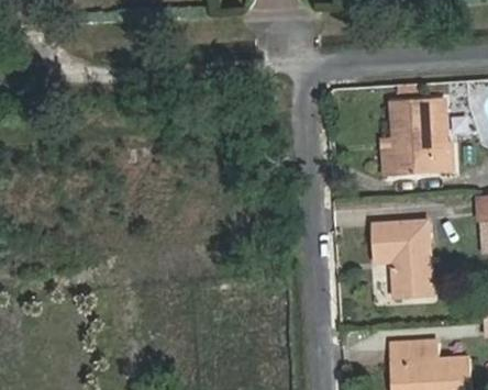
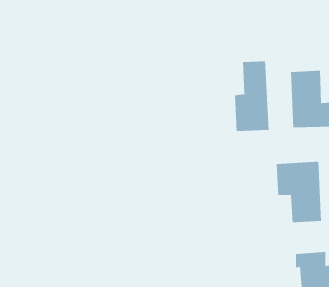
building: none -> [234,61,269,132]

